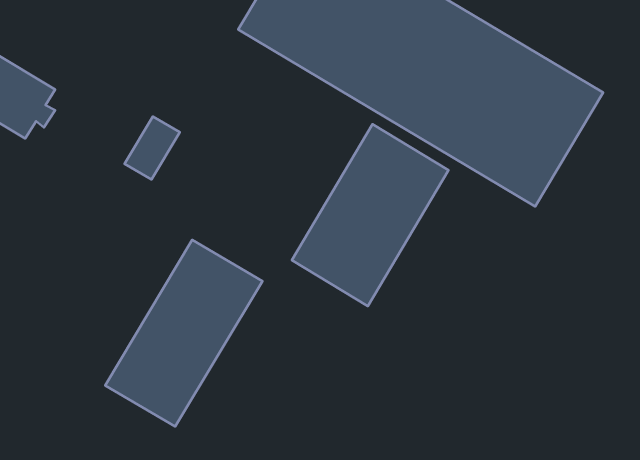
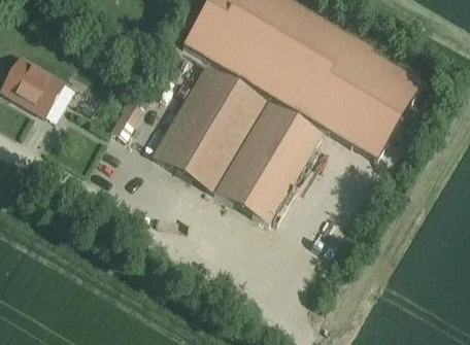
building: none -> [155,64,272,191]
building: [105,240,262,427] -> none

